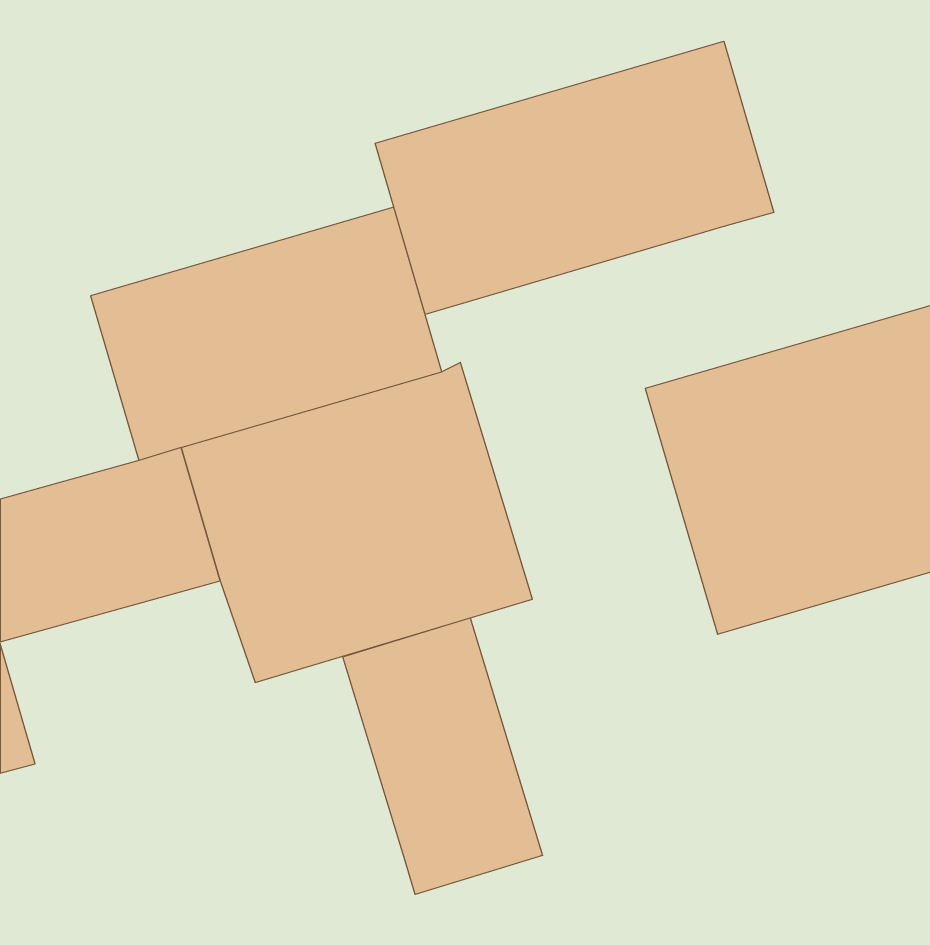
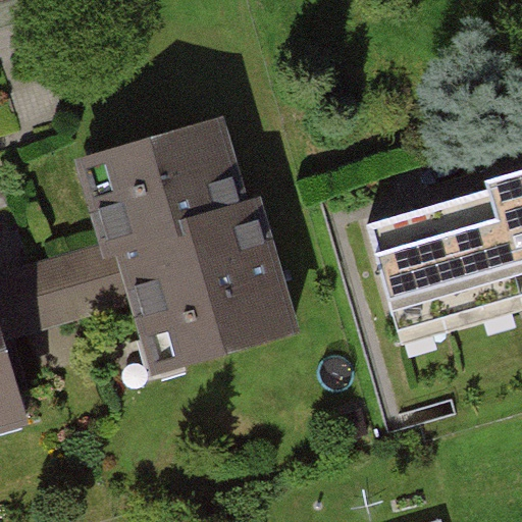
building: [375,41,774,314] -> none
building: [343,618,542,894] -> none

